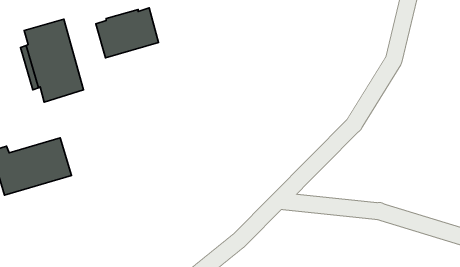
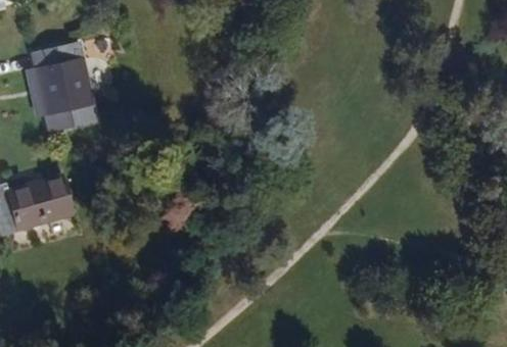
building: [96,8,159,58] -> none

